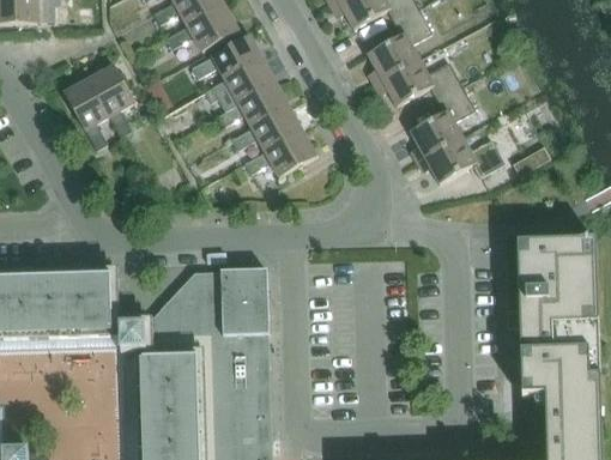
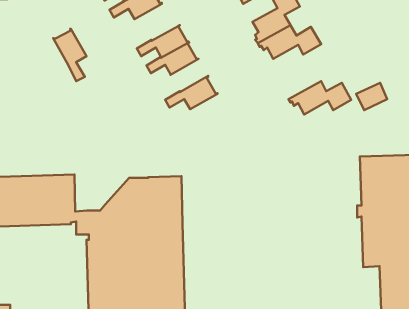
building: [192,35,265,80] -> none
building: [65,77,109,150] -> none
building: [410,85,476,162] -> none
building: [231,105,304,152] -> none

